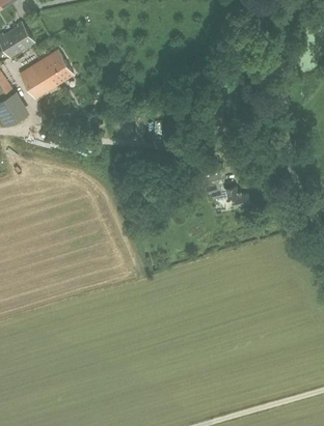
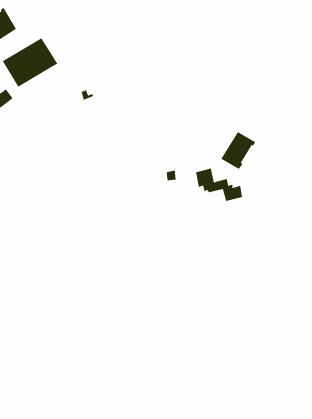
building: none -> [221,131,256,170]

